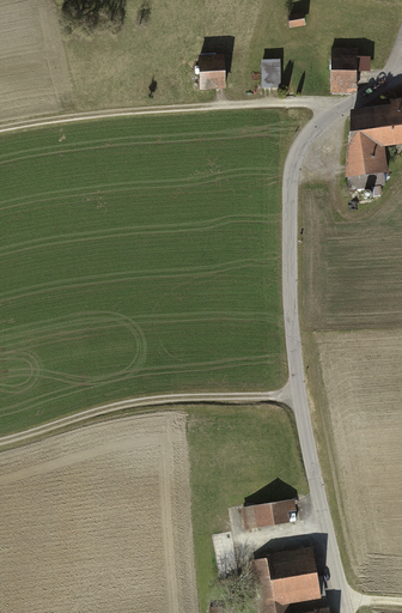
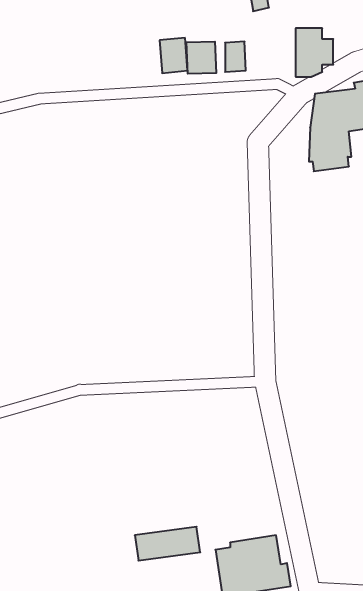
building: none -> [186,42,216,74]
building: [236,494,300,528] -> [135,527,200,561]

